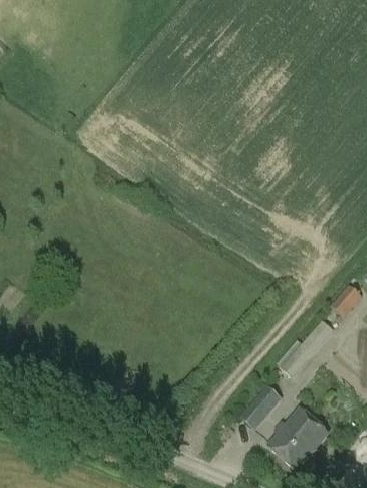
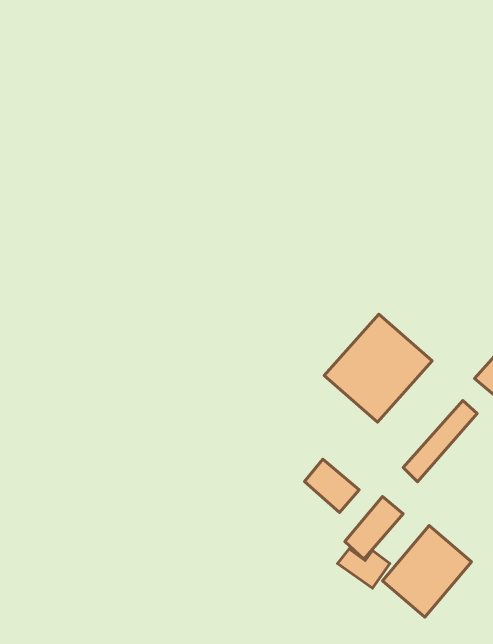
building: none -> [324,314,432,422]
building: none -> [305,459,359,513]

